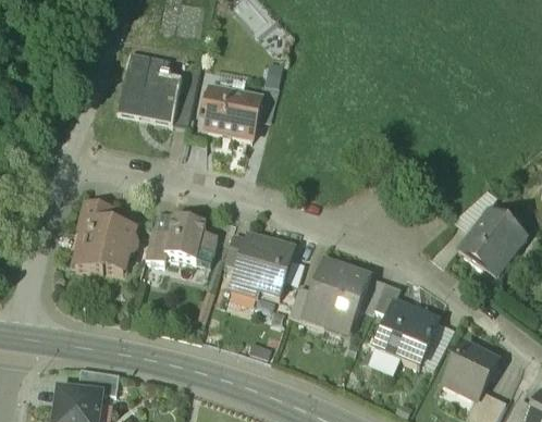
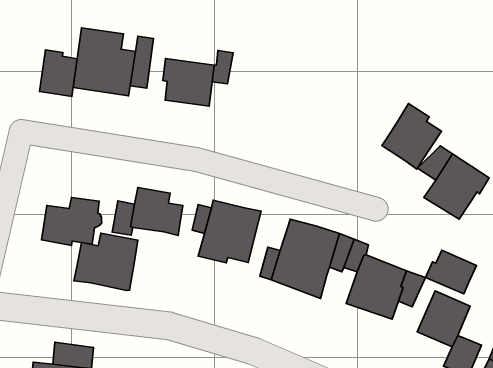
building: none -> [40,50,77,96]
building: none -> [382,103,442,169]
building: [81,203,112,235] -> none
building: none -> [74,233,138,290]
building: none -> [426,250,477,294]

